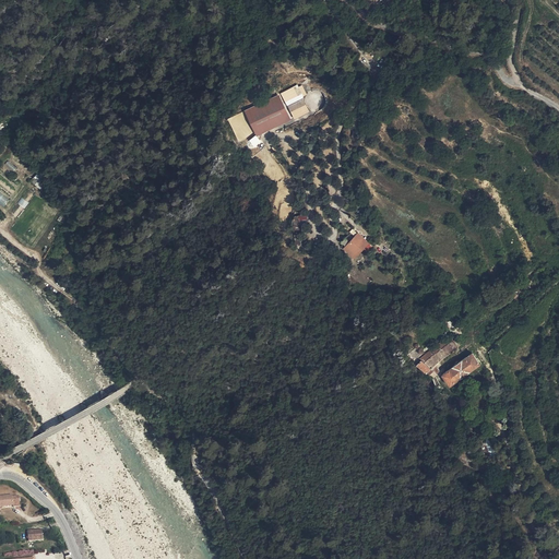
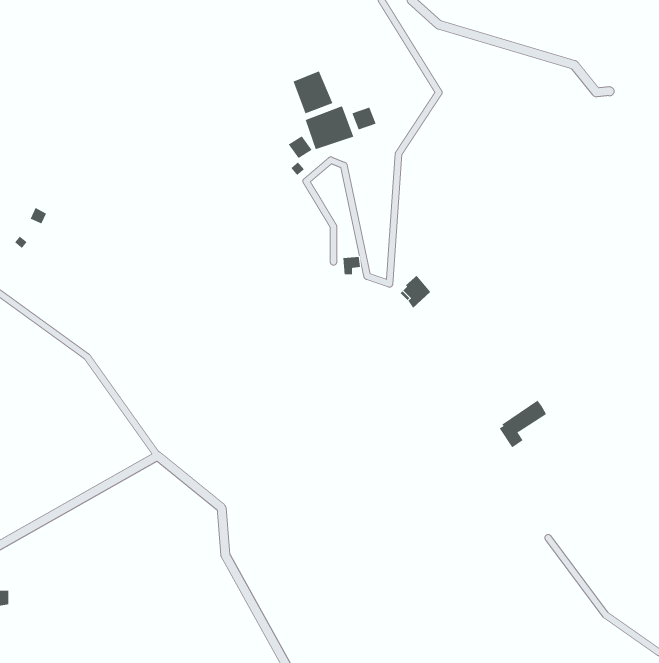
building: none -> [293,70,333,114]
building: [441,355,477,395] -> none

